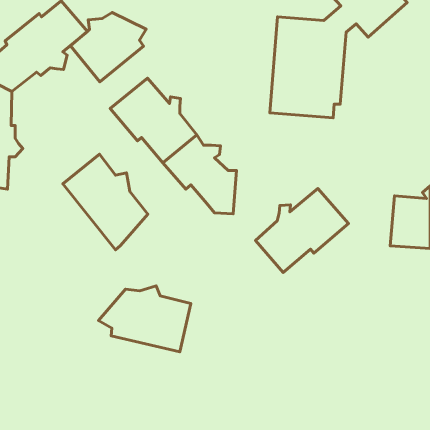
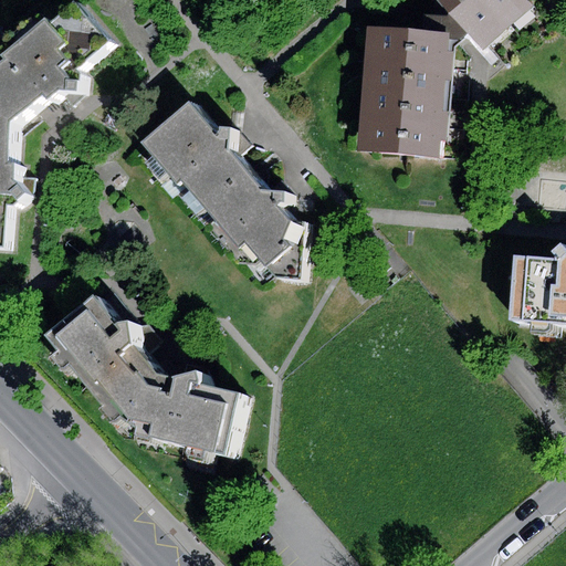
building: [70,12,146,82] -> none
building: [63,154,148,250] -> [53,298,164,423]
building: [255,188,349,273] -> none

